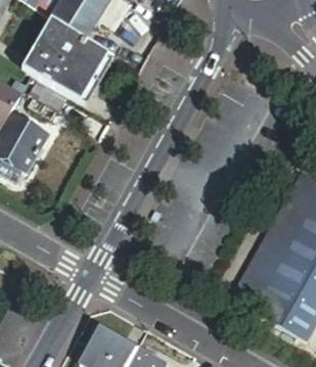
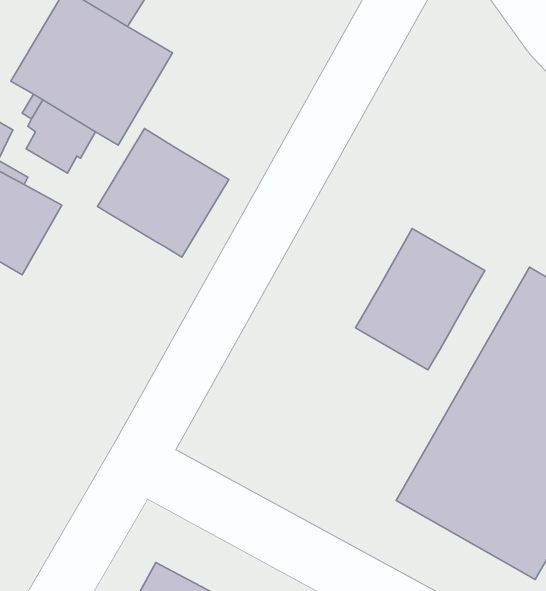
building: none -> [97,129,229,257]
building: none -> [355,228,485,370]

